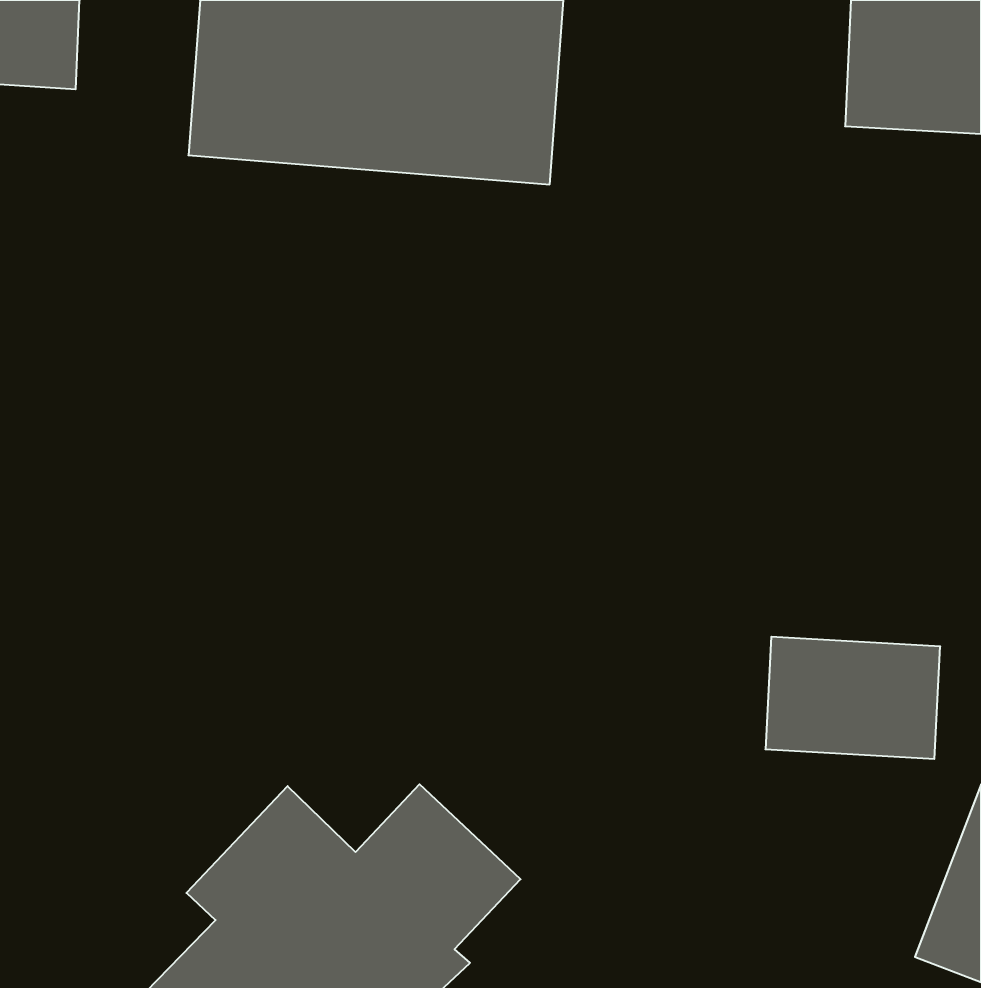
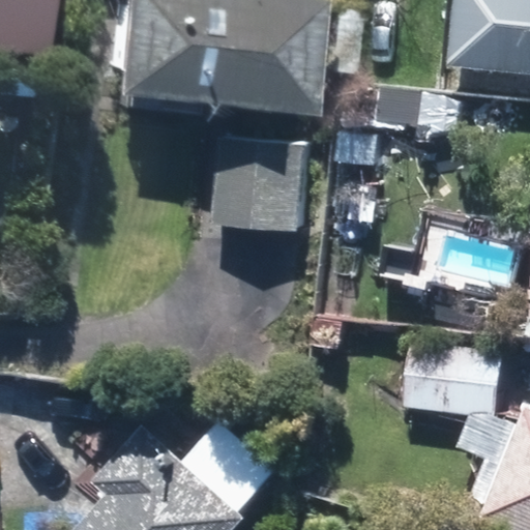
building: none -> [215,145,306,225]

